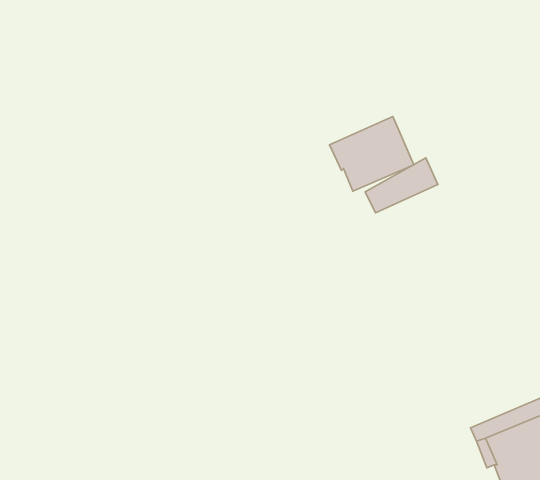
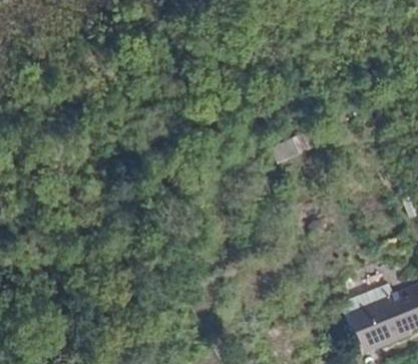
building: [330,116,414,191] -> none

